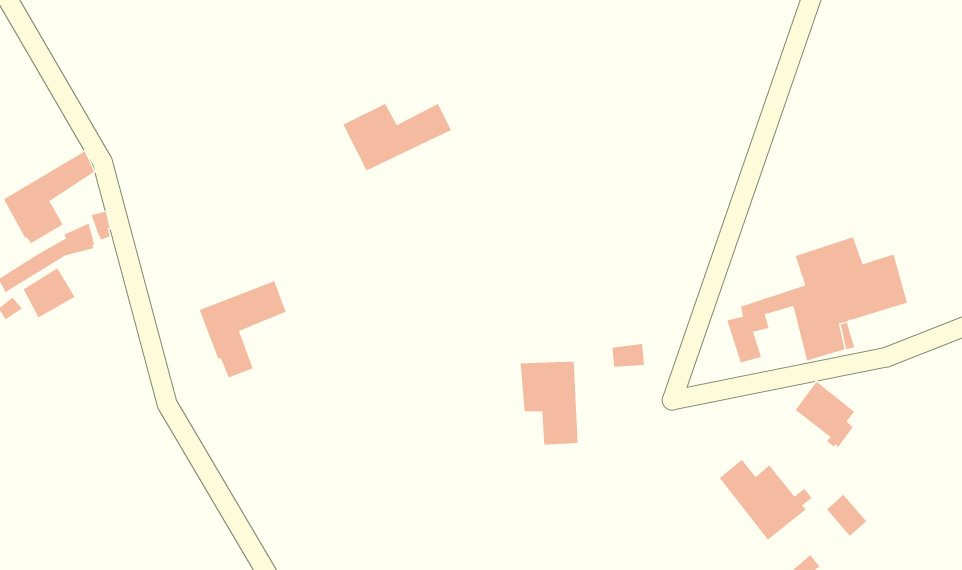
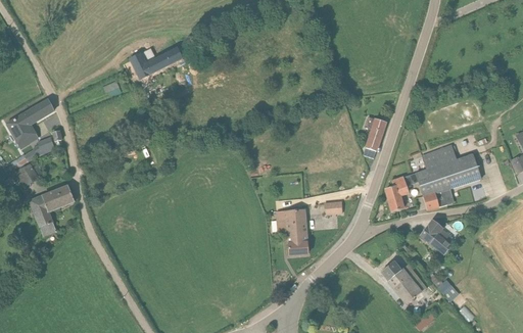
building: [343,103,452,171] -> [125,45,182,81]
building: none -> [363,115,386,157]
building: [199,281,287,378] -> [29,185,75,236]

